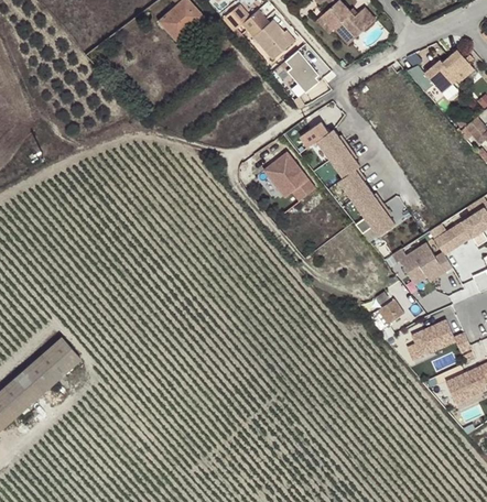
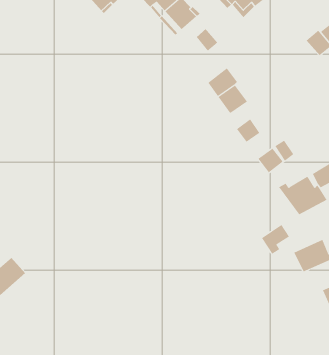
building: [331,148,365,178] -> none
building: [262,150,316,199] -> none
building: [350,186,383,218] -> none

